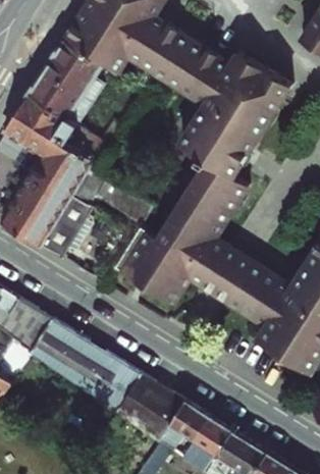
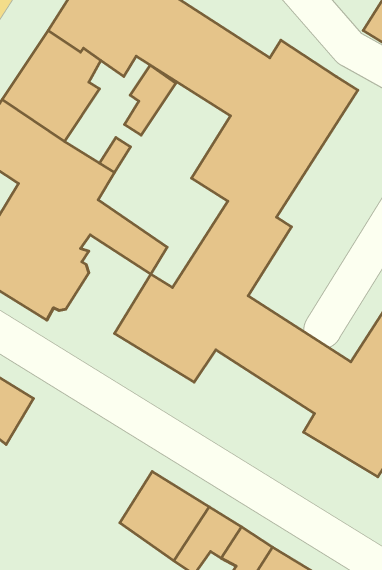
building: none -> [124,65,176,135]
building: [31,318,141,412] -> none

